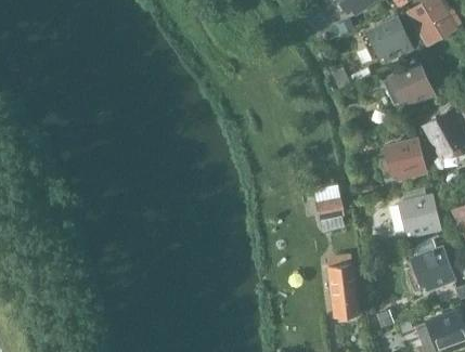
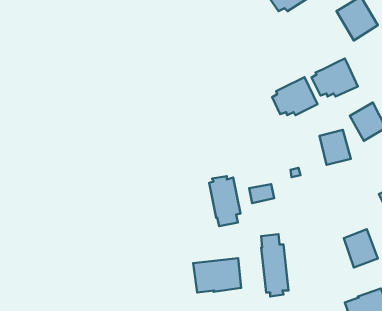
building: [362,18,411,60] -> [272,77,317,115]
building: none -> [209,176,241,226]
building: [405,197,439,235] -> none
building: none -> [193,258,241,293]

